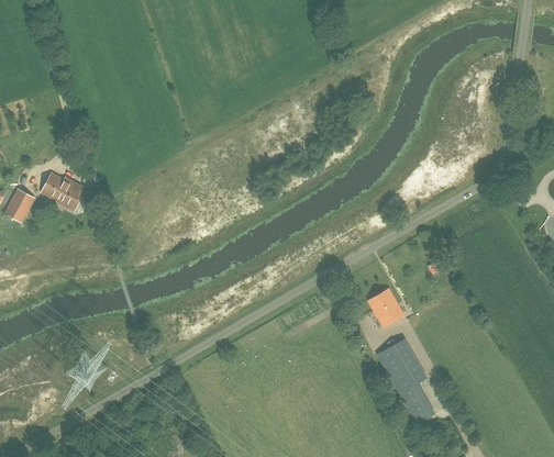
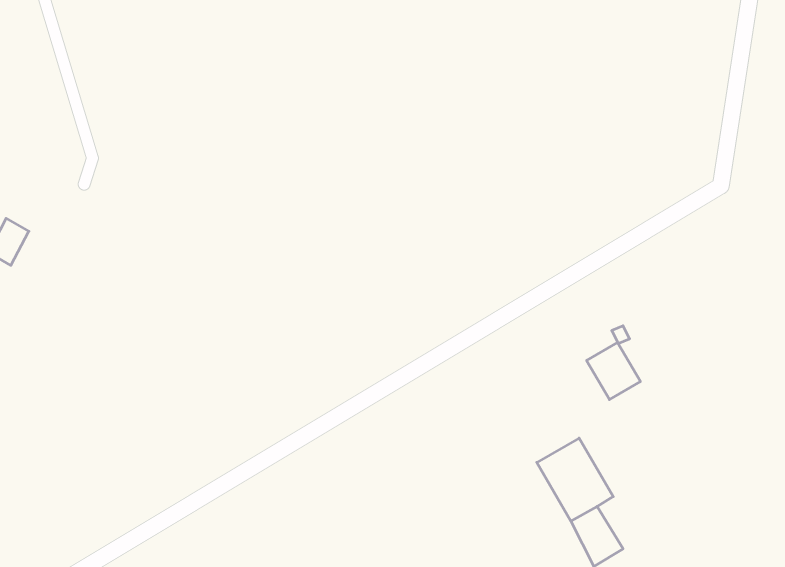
building: [42,174,85,211] -> none
building: [368,289,405,327] -> [587,343,640,400]

